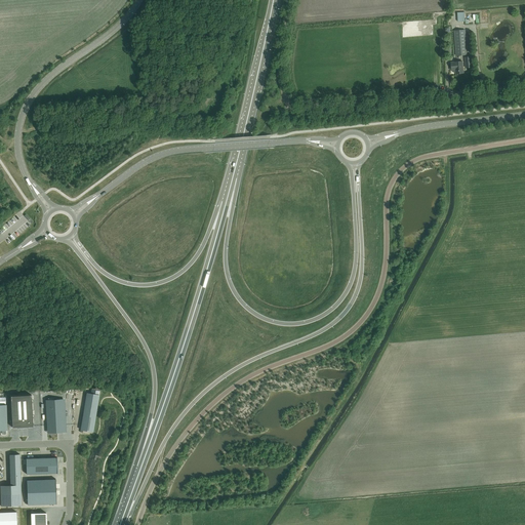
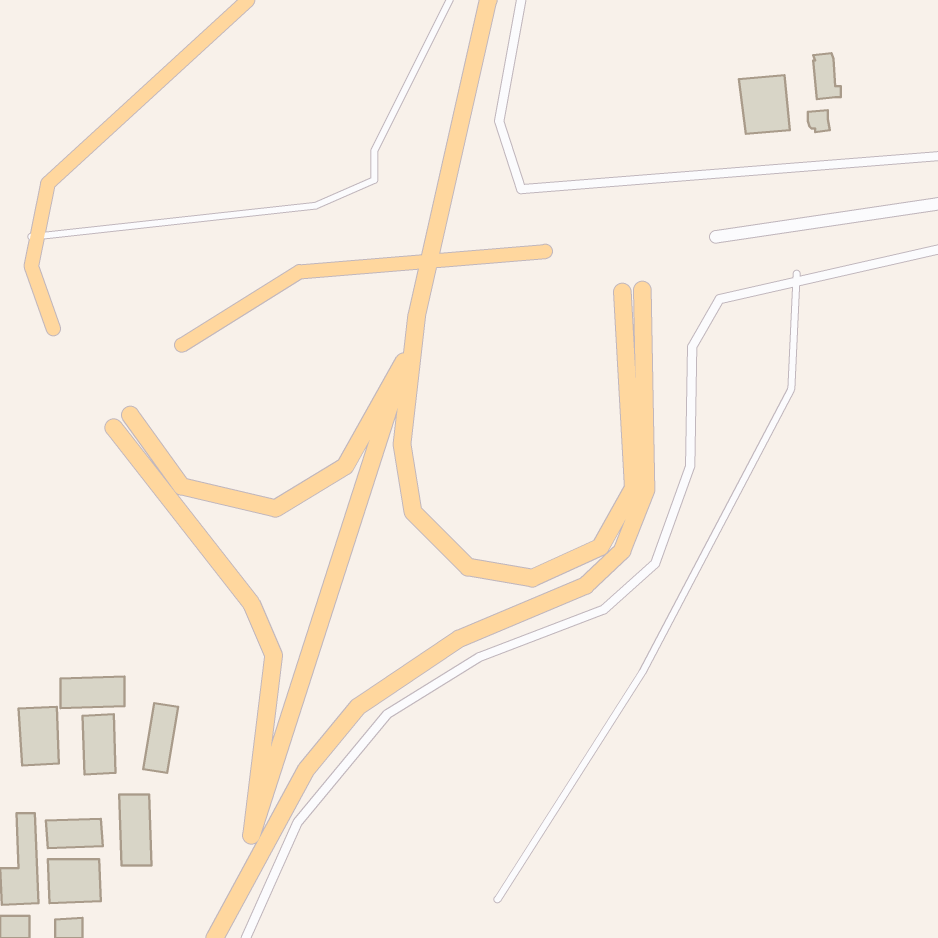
building: none -> [739,75,790,134]
building: none -> [61,676,124,708]
building: none -> [119,794,152,866]

